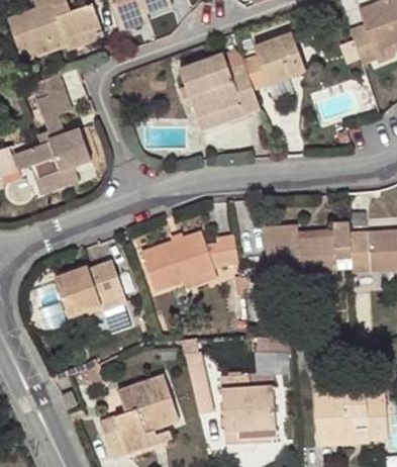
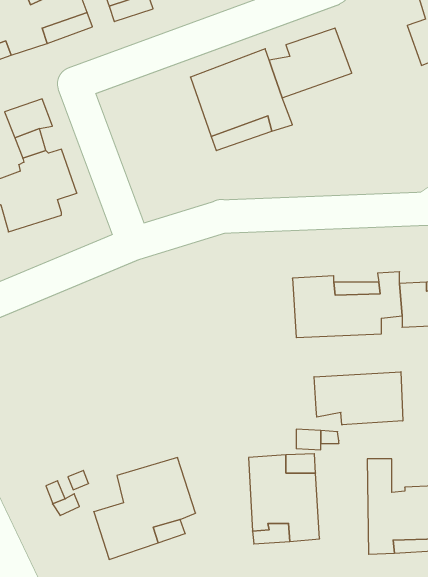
building: [135,230,236,289] -> none
building: [49,260,122,319] -> none
building: none -> [314,372,403,425]

